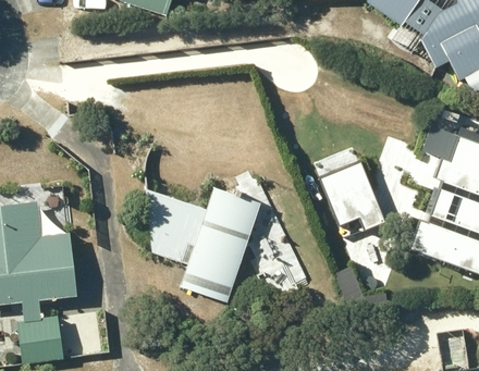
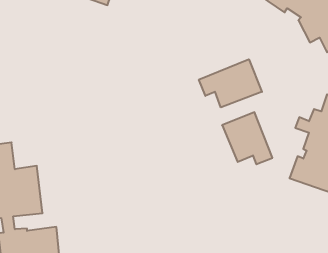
building: none -> [199,59,262,107]
building: [148,187,261,302] -> none

